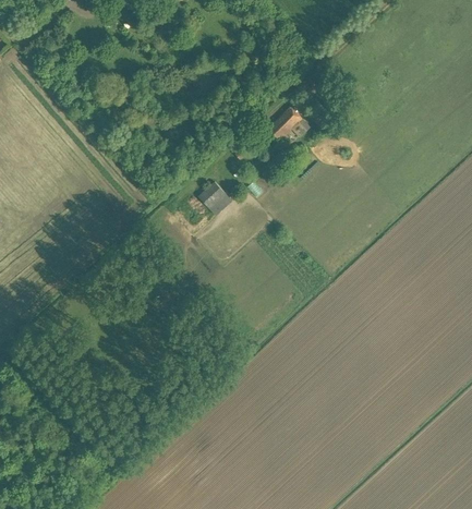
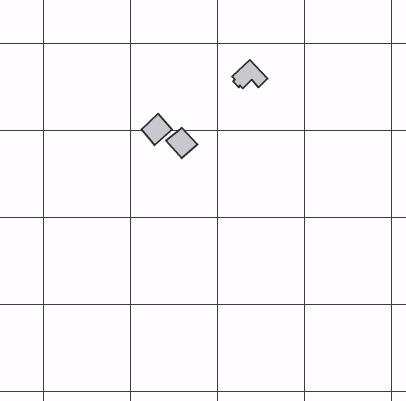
building: none -> [141,114,172,145]

